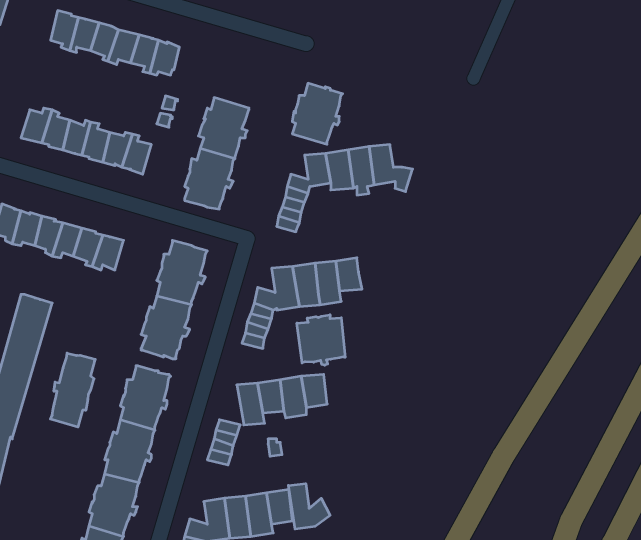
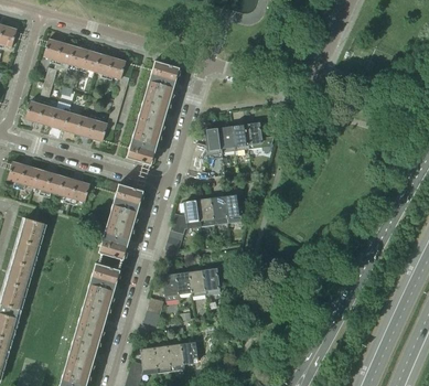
building: [292,83,343,144] -> [148,61,180,99]
building: [297,315,345,365] -> none
building: [50,353,95,427] -> none
building: [288,484,330,529] -> none

